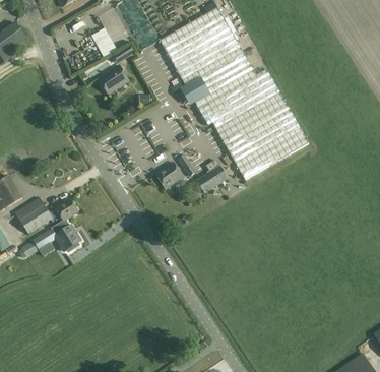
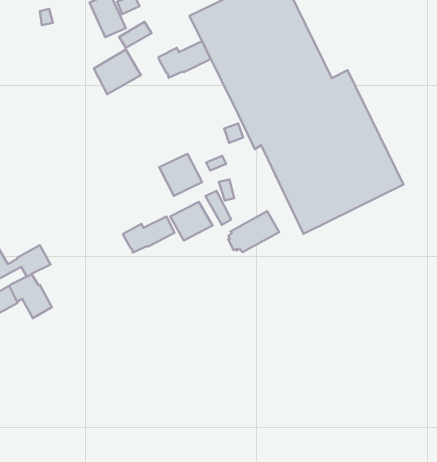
building: none -> [158,41,210,78]
building: none -> [159,154,202,196]
building: none -> [123,216,175,253]

